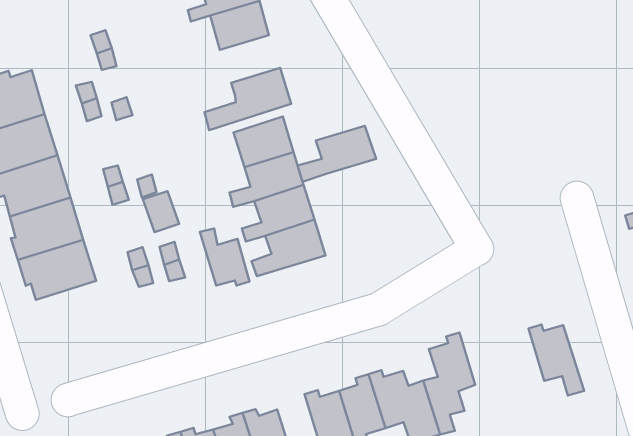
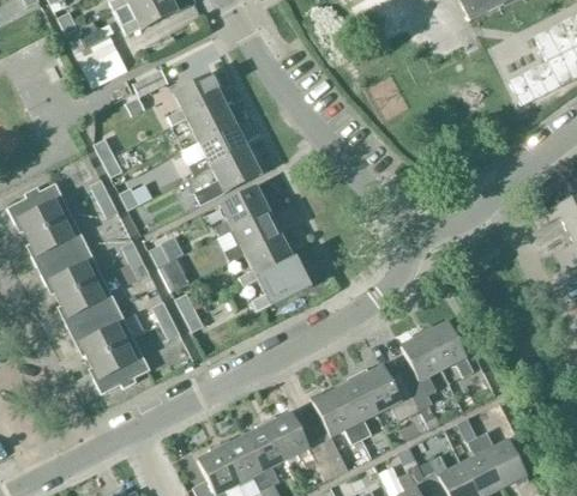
building: [298,126,376,182] -> [187,123,247,175]
building: [200,229,250,285] -> none
building: none -> [89,337,150,394]
building: [528,324,584,396] -> [421,321,473,375]

